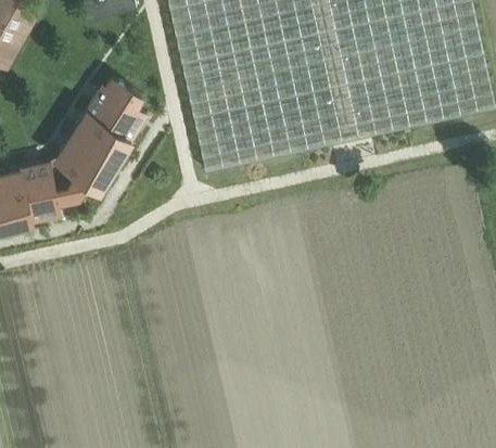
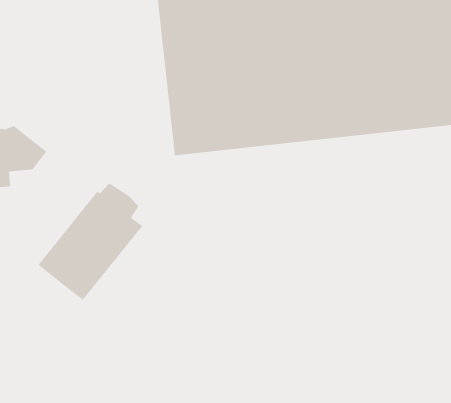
building: [56,76,148,184] -> [38,183,143,301]

